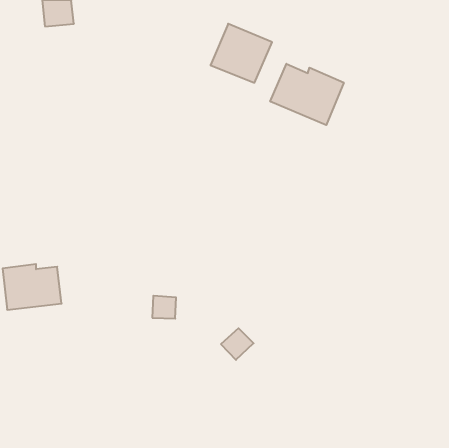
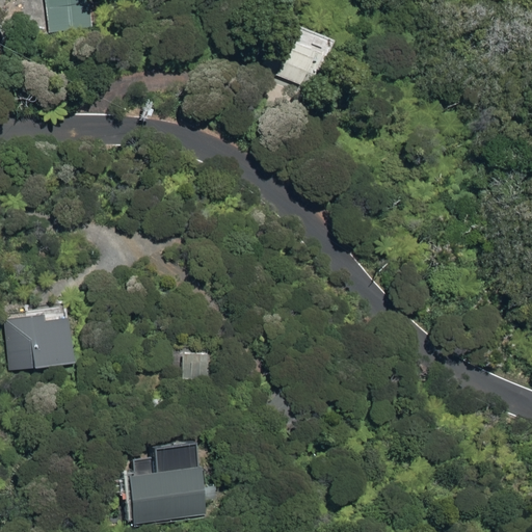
building: [270,64,344,125] -> none
building: none -> [129,462,207,517]

